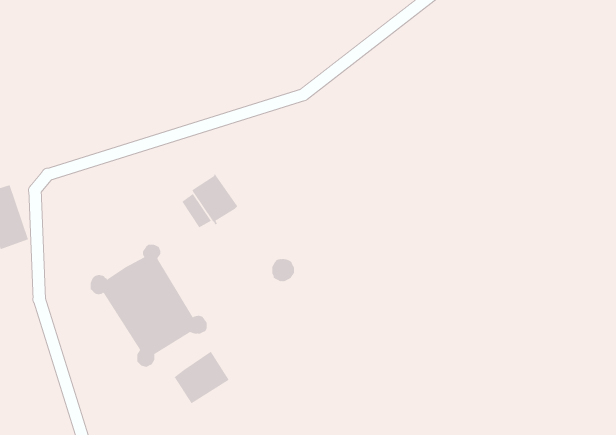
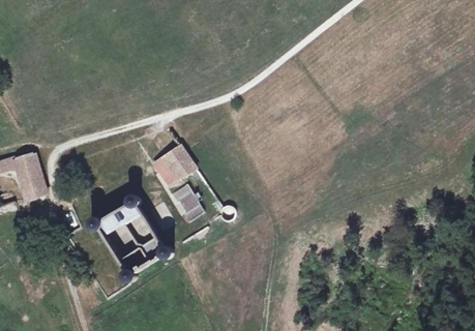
building: none -> [171,180,204,219]
building: [174,351,229,404] -> none

